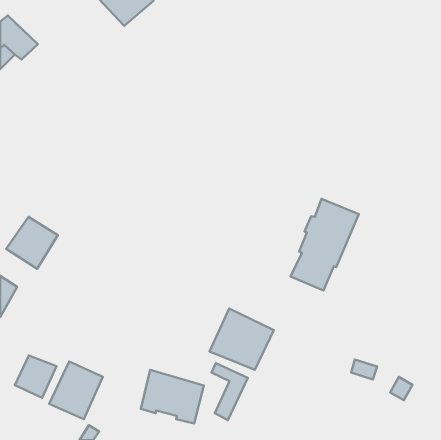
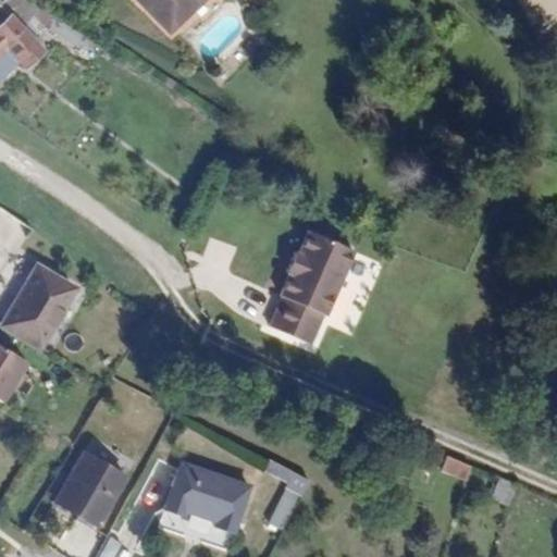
building: [291,199,359,290] -> [256,223,342,338]
building: [210,309,274,370] -> none
building: [15,355,56,398] -> none

